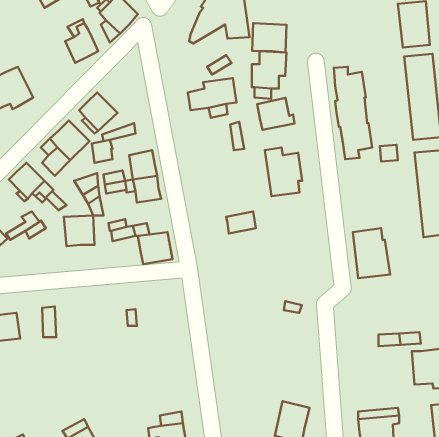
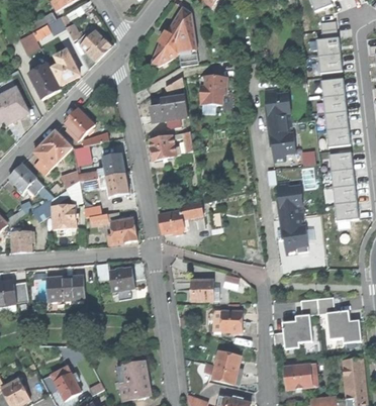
building: [252,23,287,53] -> none
building: none -> [28,64,61,99]
building: [257,98,294,130] -> [150,134,179,160]
building: [265,148,302,196] -> [275,180,304,218]
building: none -> [159,211,184,232]
building: none -> [11,231,31,252]
building: none -> [110,266,135,290]
building: none -> [48,275,85,299]
building: none -> [192,279,214,300]
building: none -> [219,310,242,330]
building: none -> [273,314,311,347]

